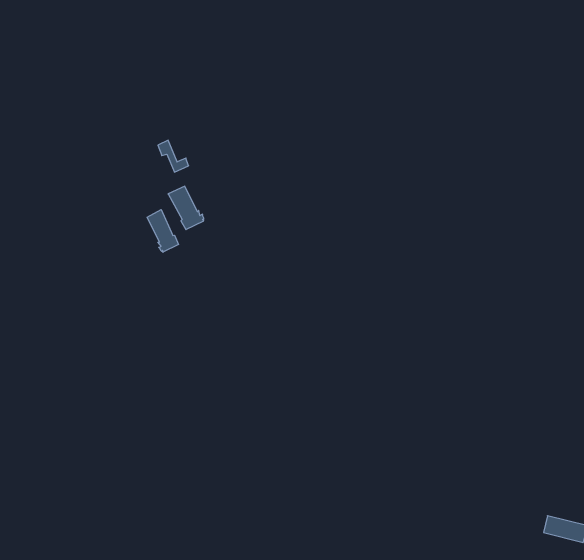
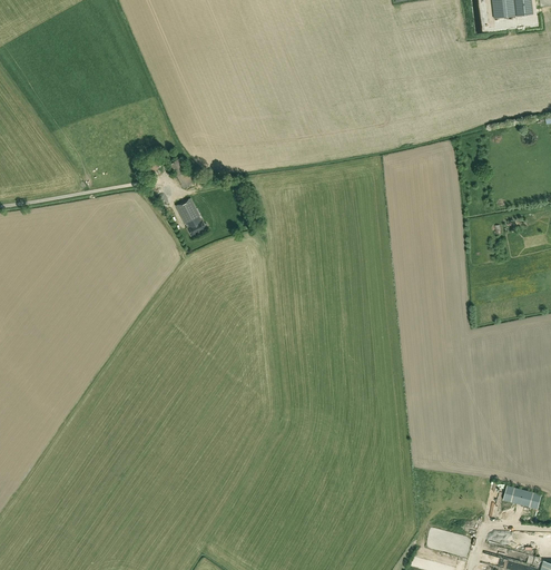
building: [147,210,178,252] -> none

